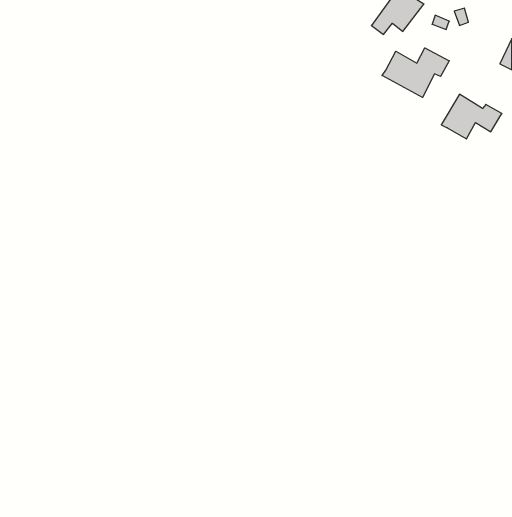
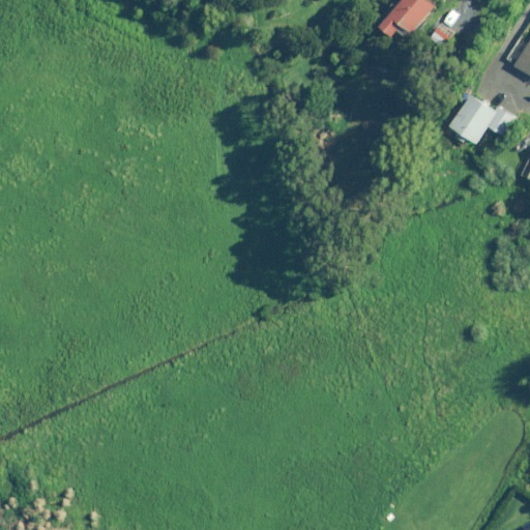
building: [382,48,449,97] -> none

